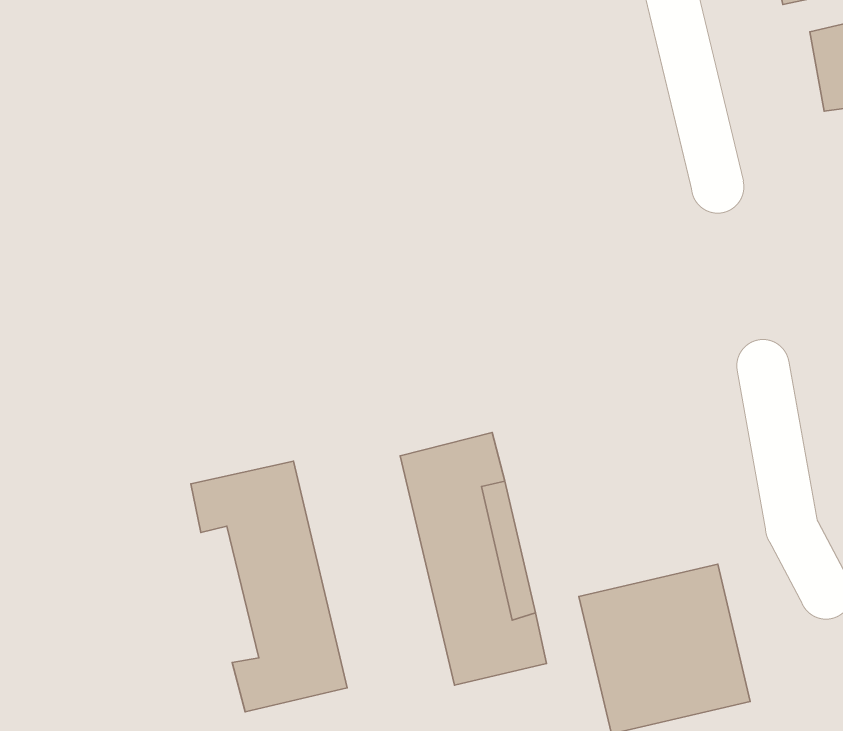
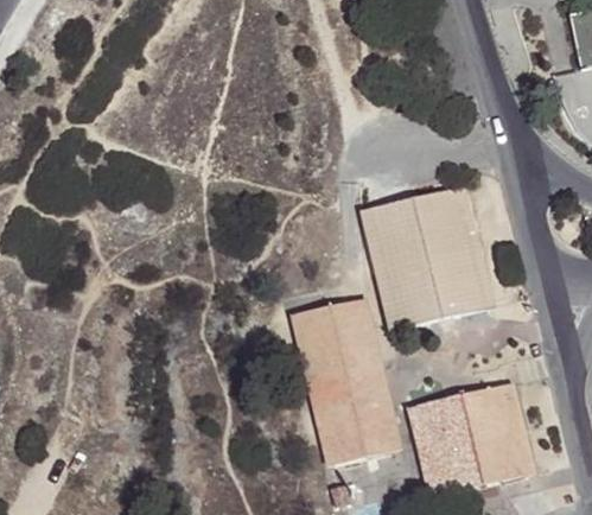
building: none -> [368,183,488,329]
building: [191,461,347,712] -> none

